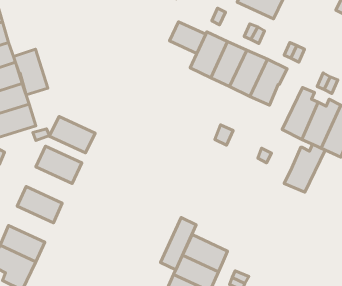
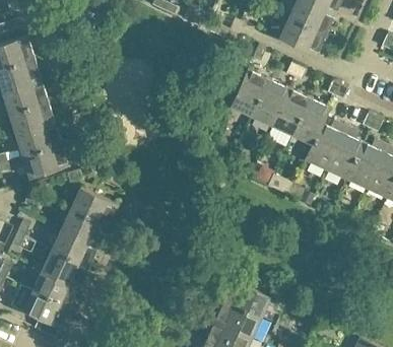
building: [169,22,206,53] -> none
building: [14,49,48,95] -> none
building: [49,117,95,153] -> [59,209,107,247]
building: [284,144,325,192] -> [304,121,346,170]
building: none -> [41,250,87,287]
building: [160,218,196,270] -> none

